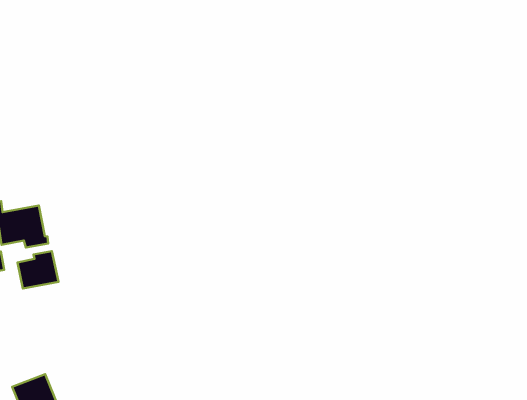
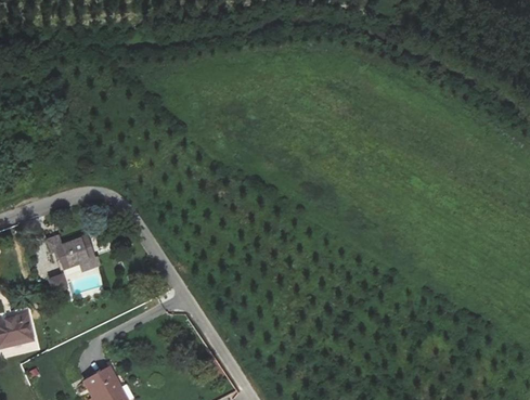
building: [17,251,58,288] -> none

